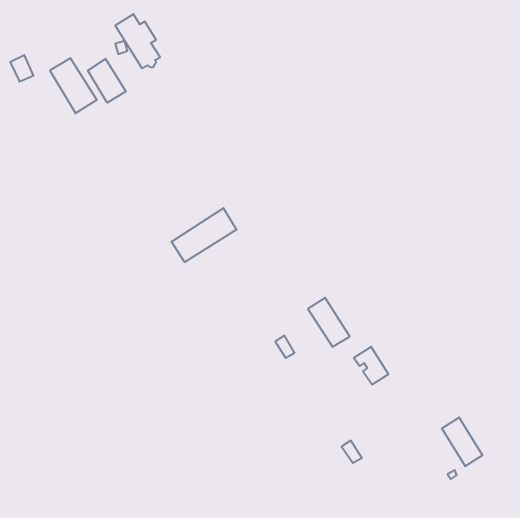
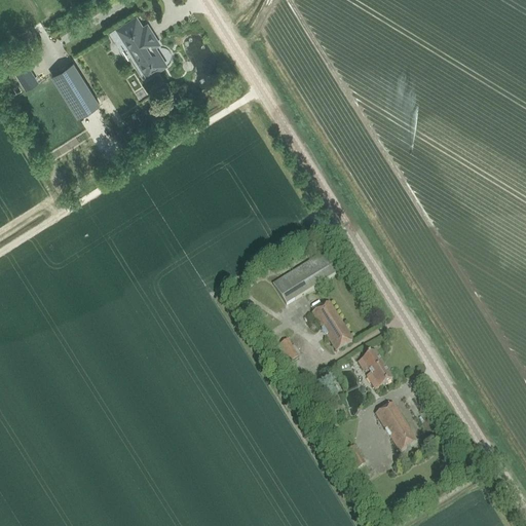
building: [88,59,126,103] -> none
building: [171,208,237,262] -> [271,249,337,303]
building: [442,417,483,466] -> [375,401,416,450]

